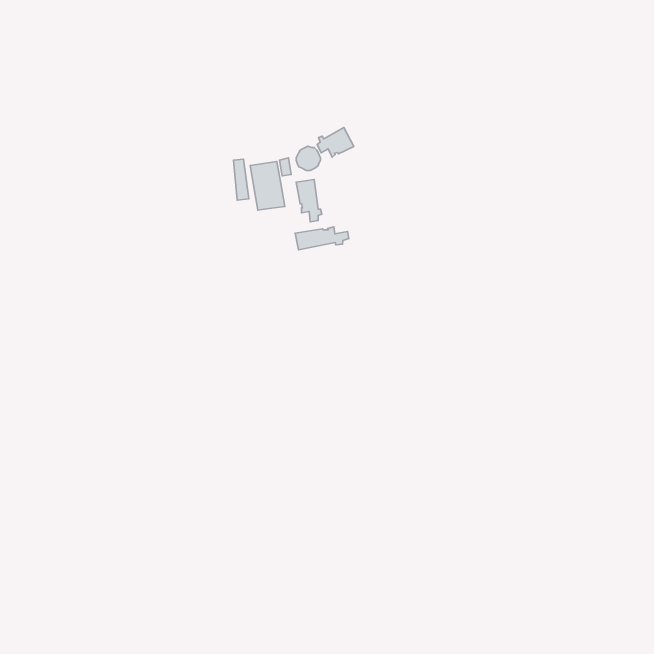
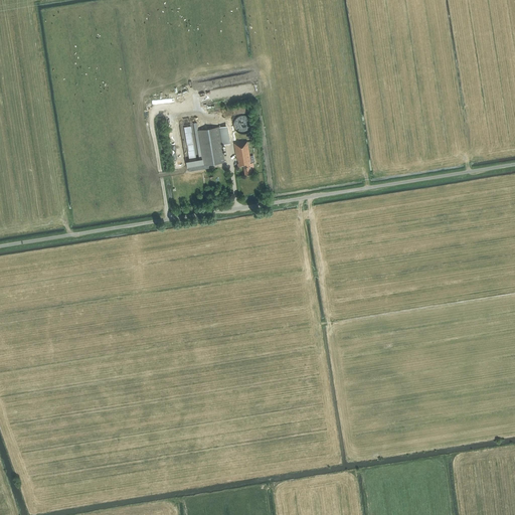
building: [317,127,354,157] -> none
building: [295,227,349,250] -> none

